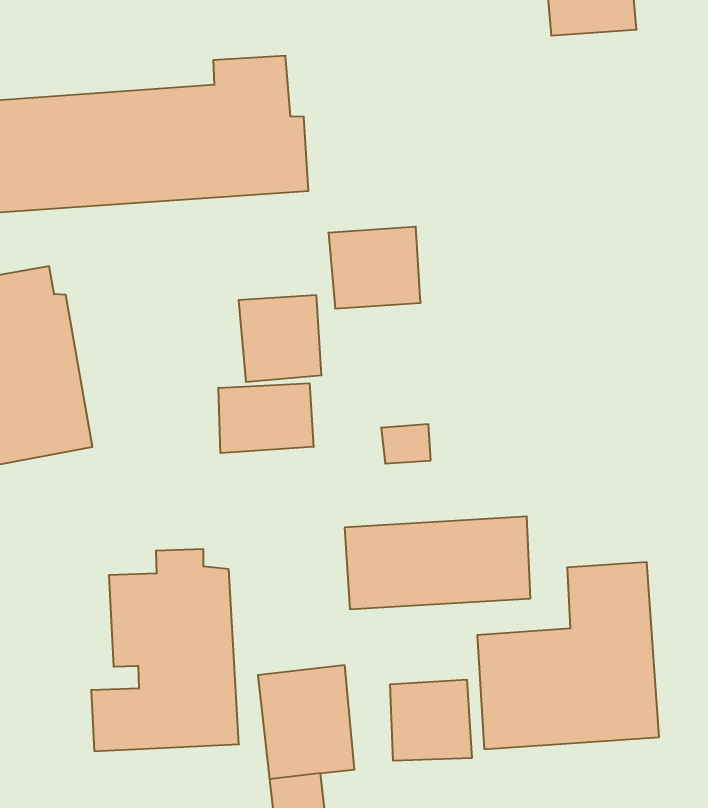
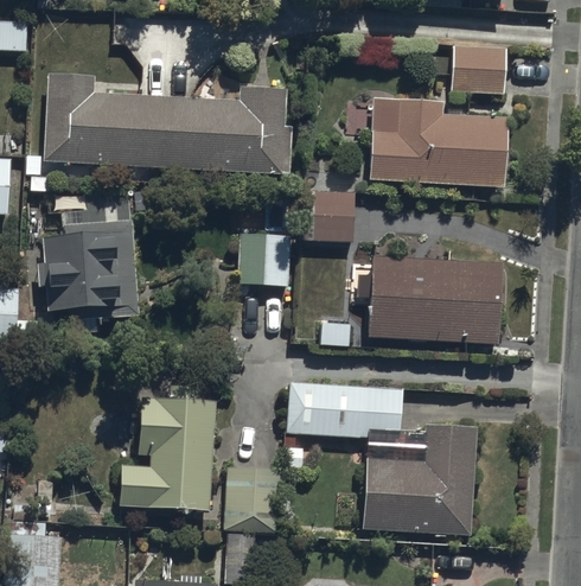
building: none -> [370,98,505,187]
building: none -> [356,256,500,343]
building: [218,383,314,453] -> none
building: [390,680,472,761] -> none

